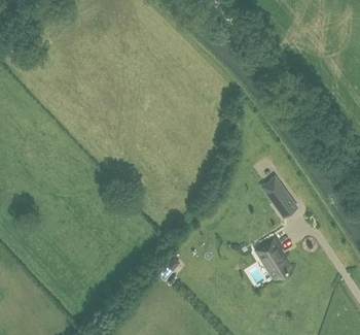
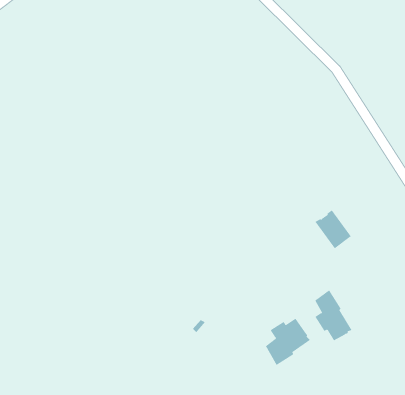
building: none -> [265,318,311,366]

